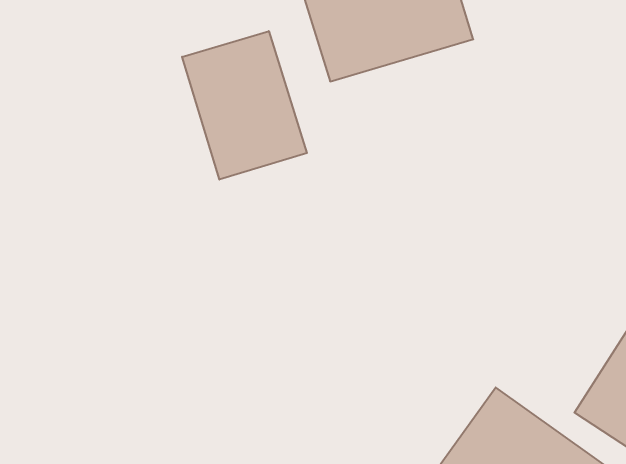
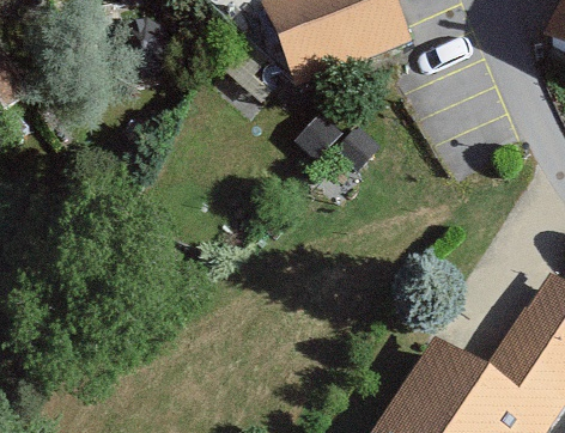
building: [182,31,307,180] -> none

